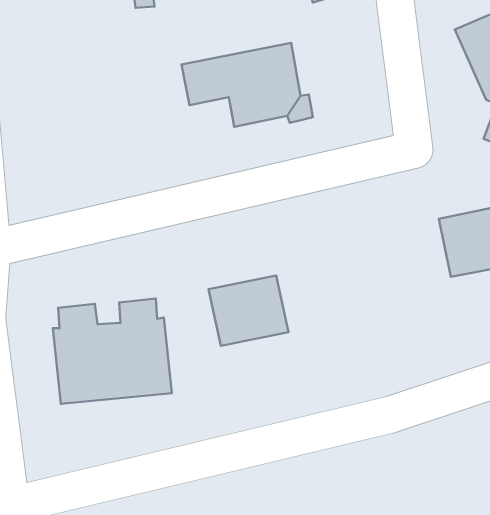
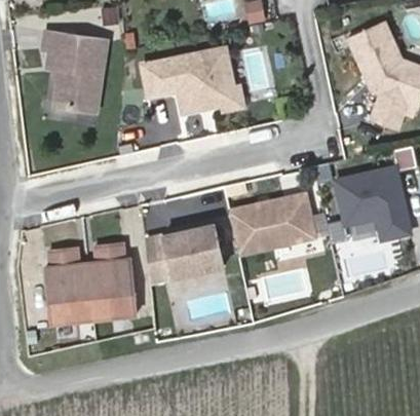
building: none -> [42,30,105,109]
building: none -> [230,195,314,254]
building: none -> [145,234,171,282]

